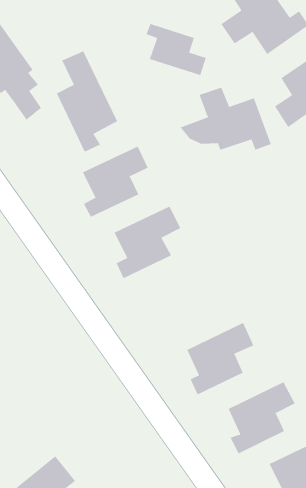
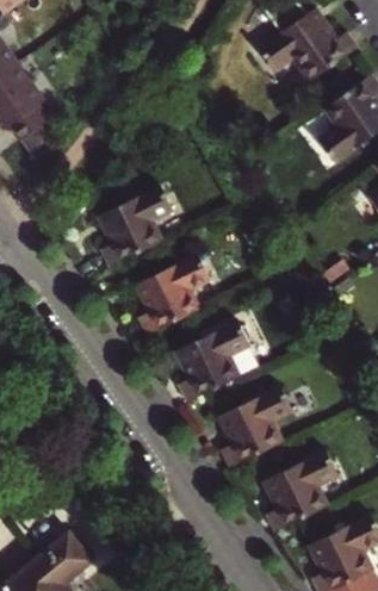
building: [146,23,206,76] -> none
building: [56,51,118,153] -> none
building: [180,87,272,151] -> none
building: none -> [173,319,259,402]

